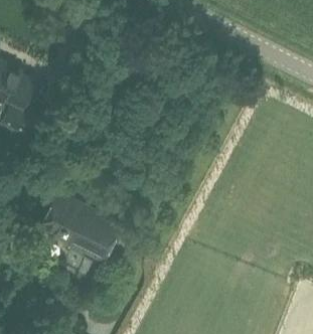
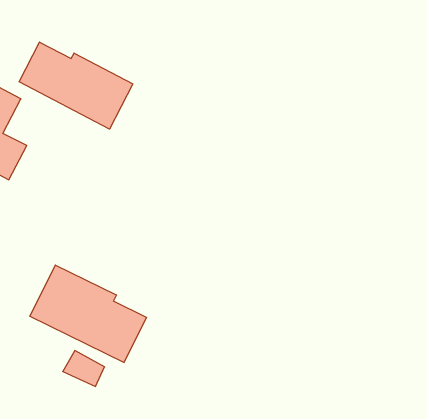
building: none -> [19,42,133,129]

